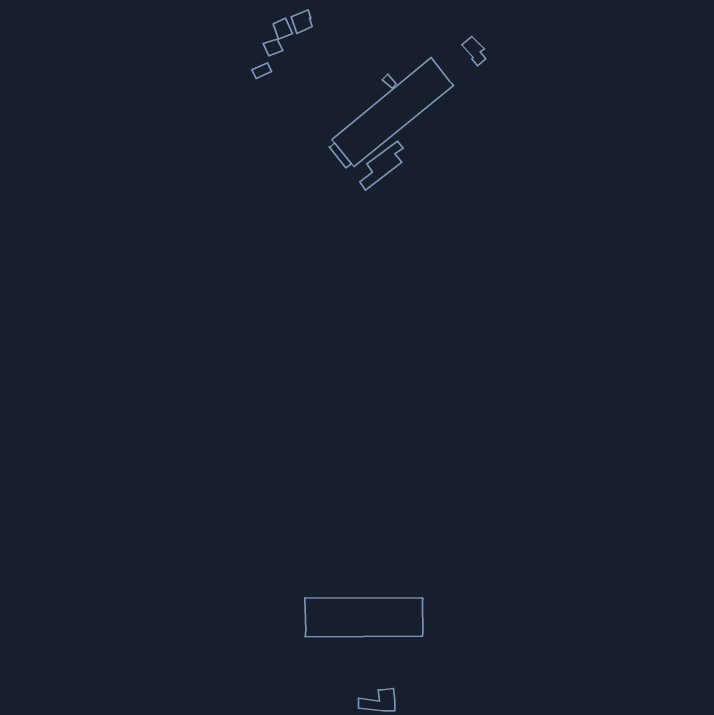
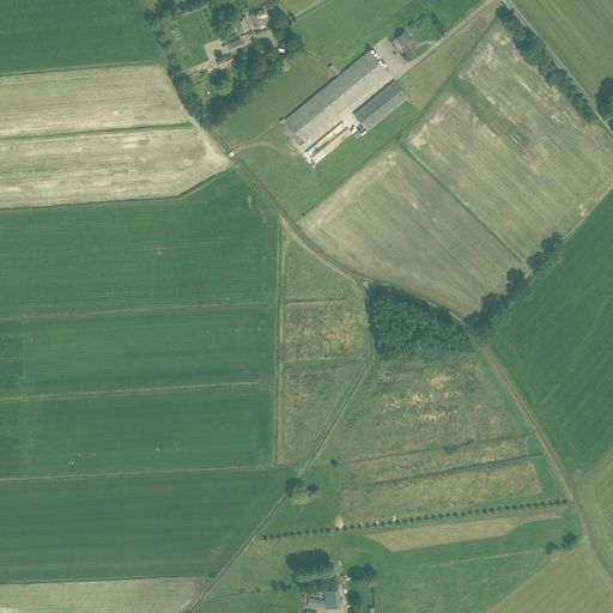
building: none -> [353,80,407,129]
building: [305,598,423,637] -> none

